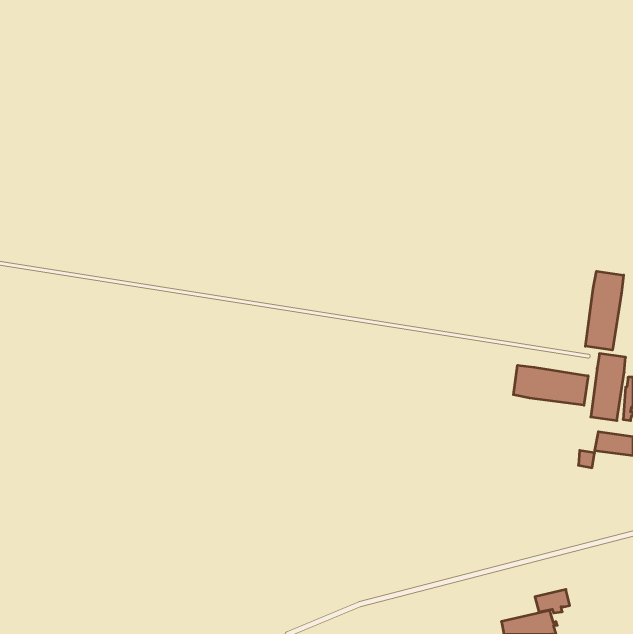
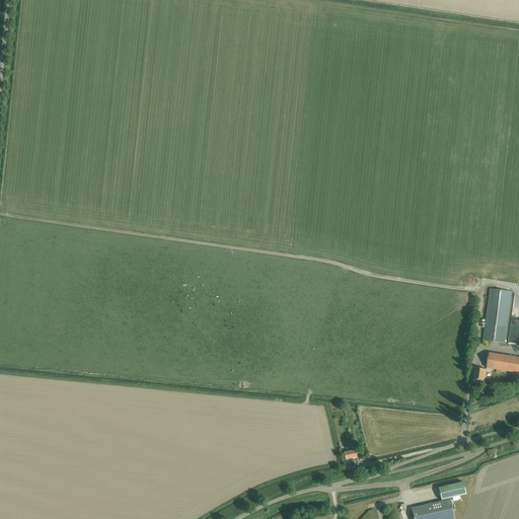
building: [585,271,624,350] -> none
building: [513,365,588,405] -> none

